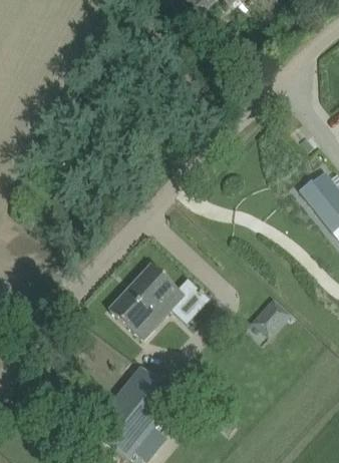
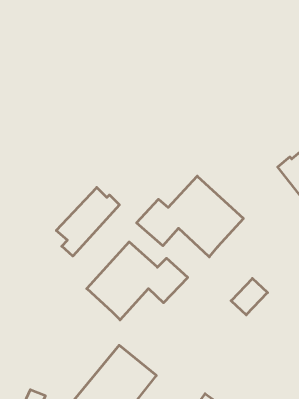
building: none -> [137,176,243,257]
building: none -> [56,187,119,256]

